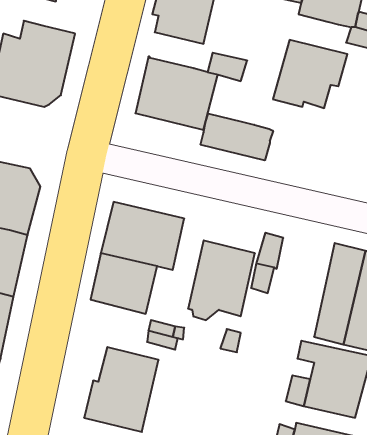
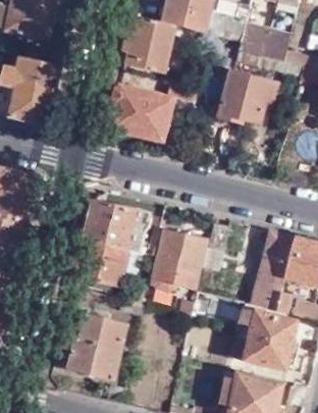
building: [201,114,273,160] -> none

